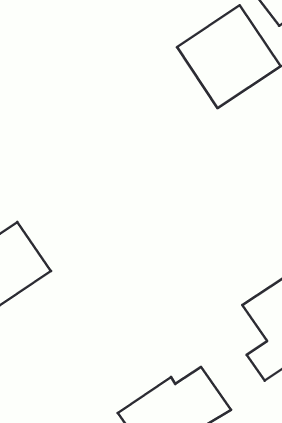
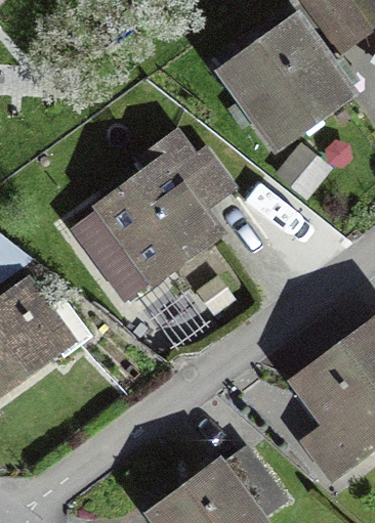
building: none -> [73,133,214,297]

